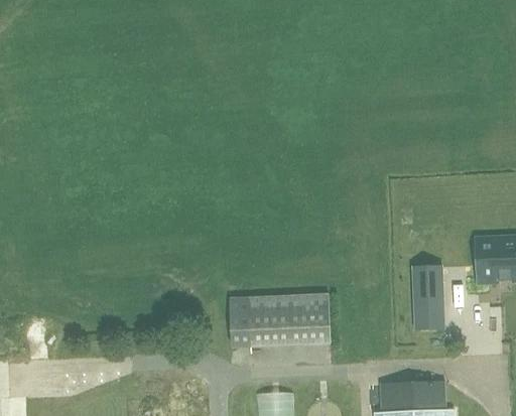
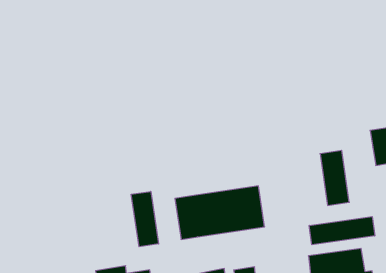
building: none -> [131,191,159,247]
building: none -> [309,217,375,245]

